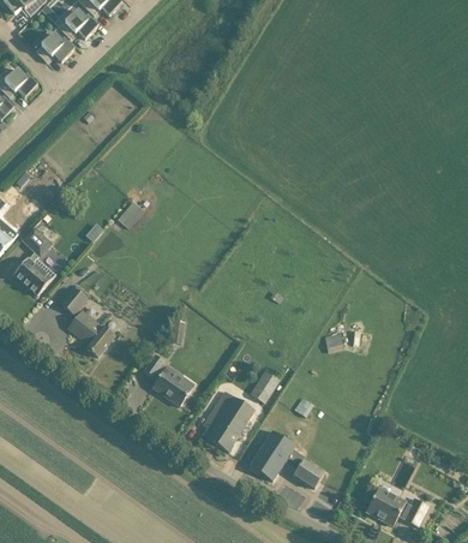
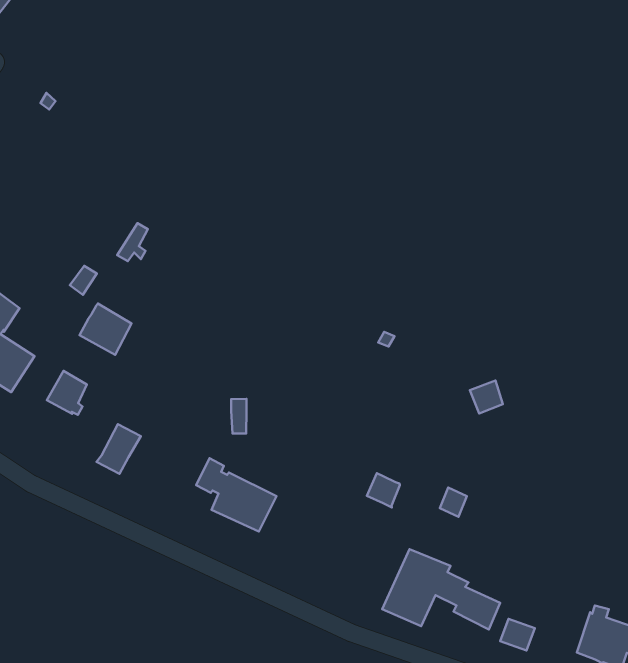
building: [68,309,102,342] -> [79,304,131,355]
building: [204,390,256,450] -> none

